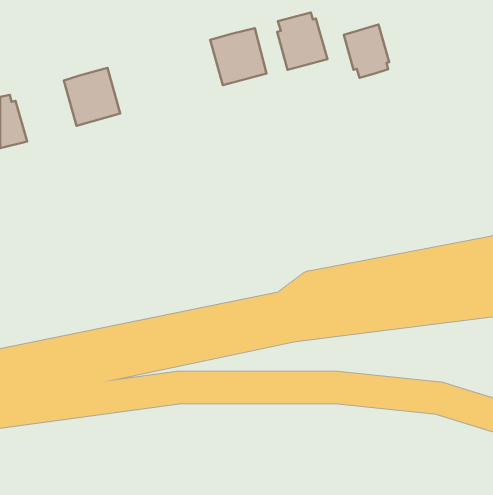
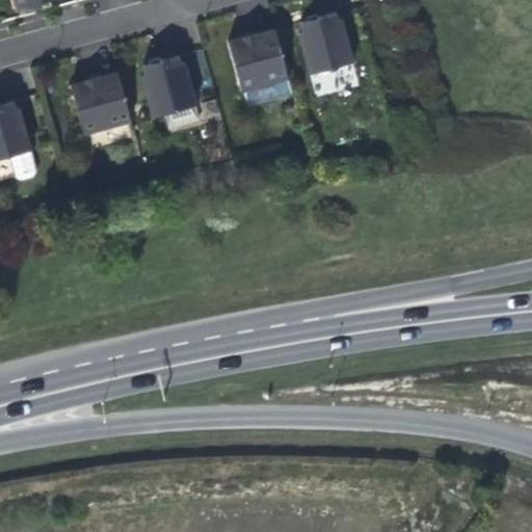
building: [344,24,389,78] -> none
building: none -> [142,57,195,118]

